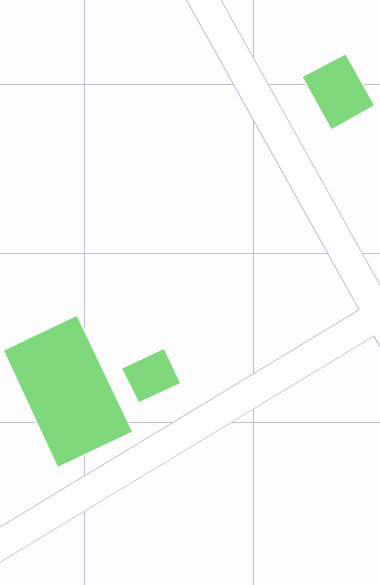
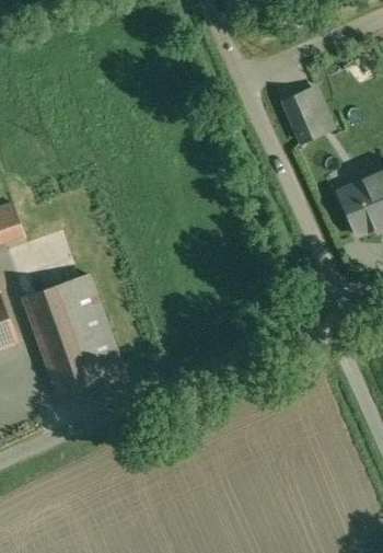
building: [121,348,181,403] -> none

